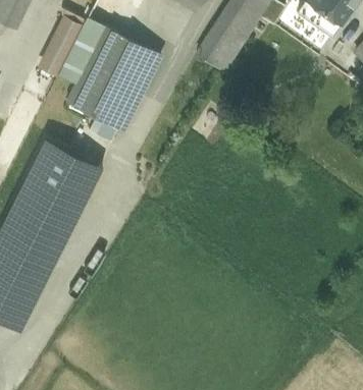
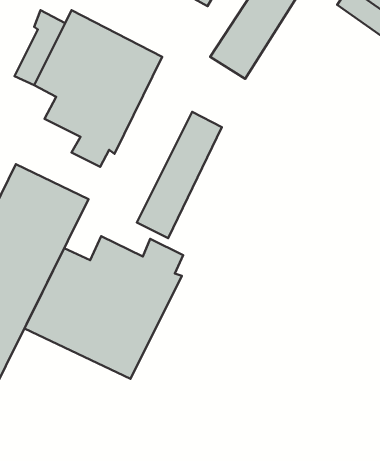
building: none -> [137,112,222,238]
building: none -> [25,236,183,379]

